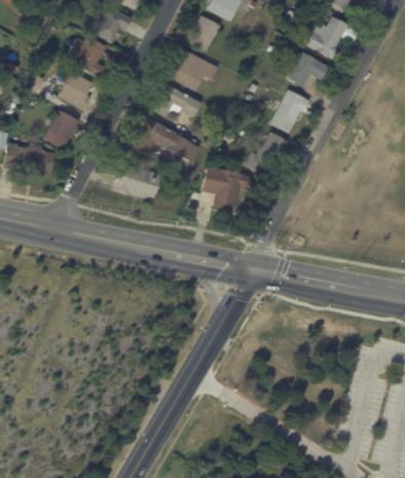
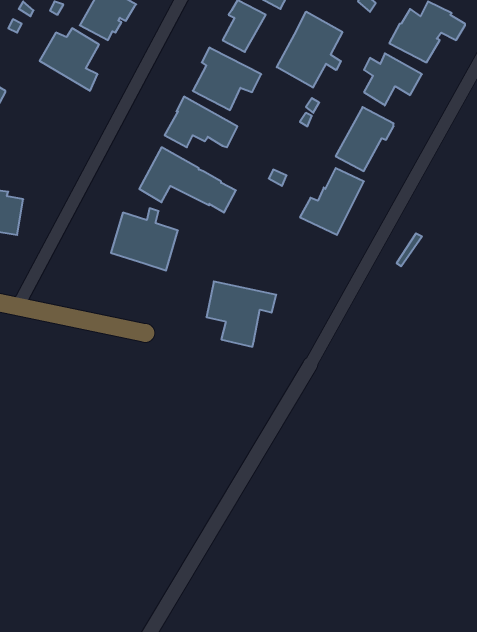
building: none -> [277,12,342,88]
building: [58,71,93,110] -> none
building: [43,109,79,150] -> none
building: [202,167,251,212] -> [206,281,276,347]

